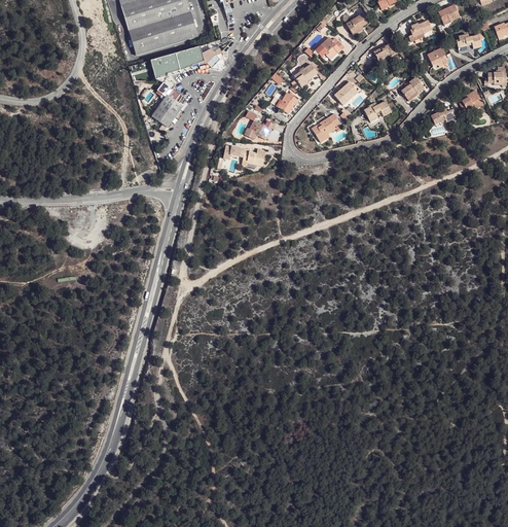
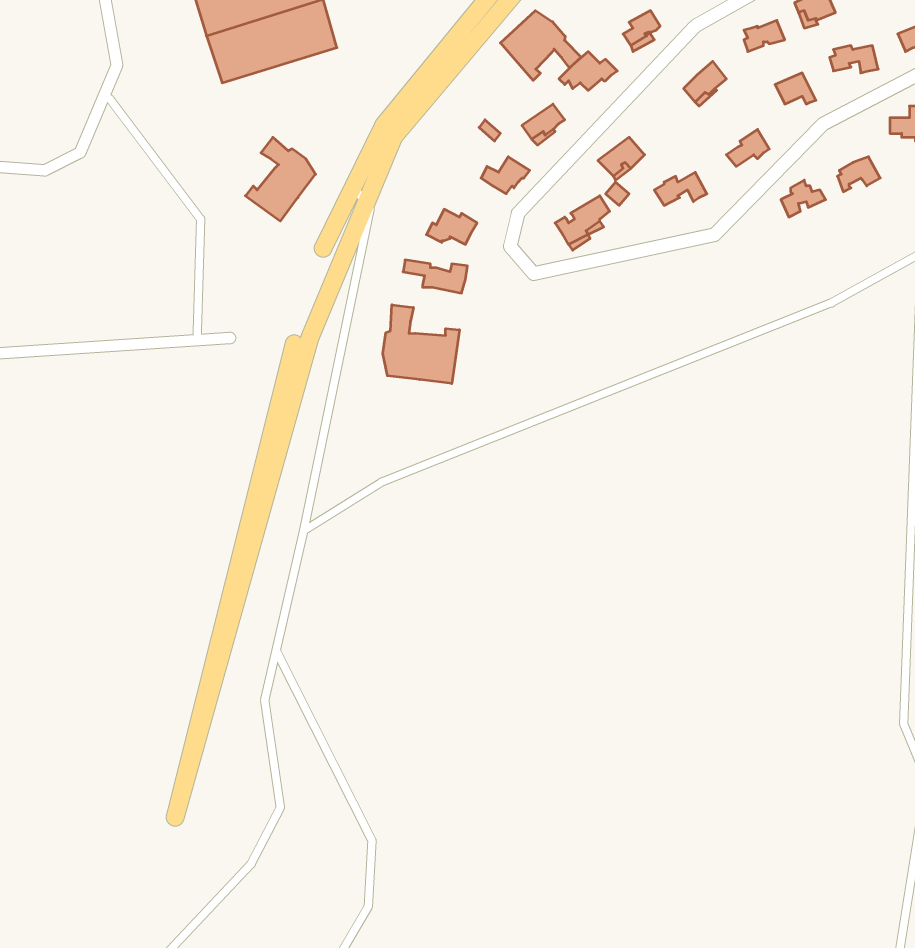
building: none -> [500,11,581,80]
building: [149,40,215,82] -> none
building: none -> [383,305,459,384]

